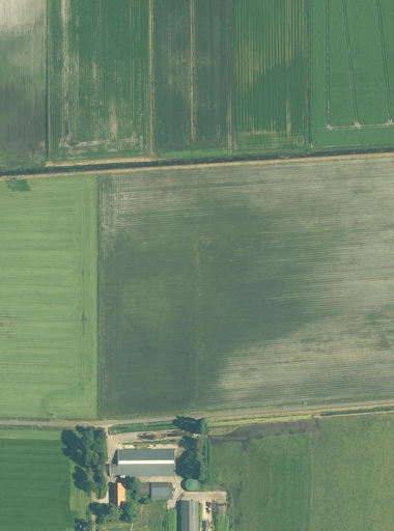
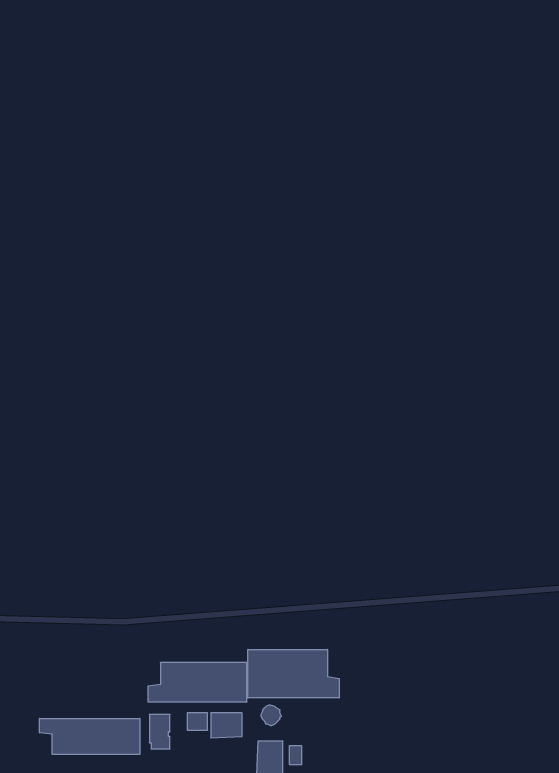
building: none -> [248,649,339,698]
building: none -> [40,718,140,754]

